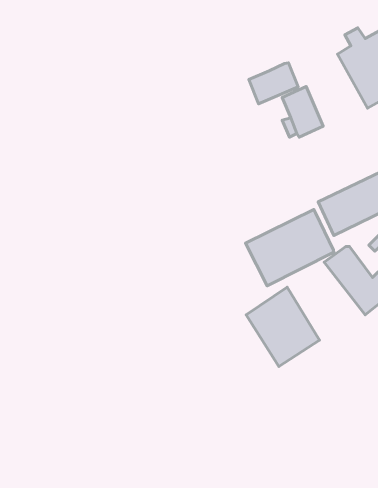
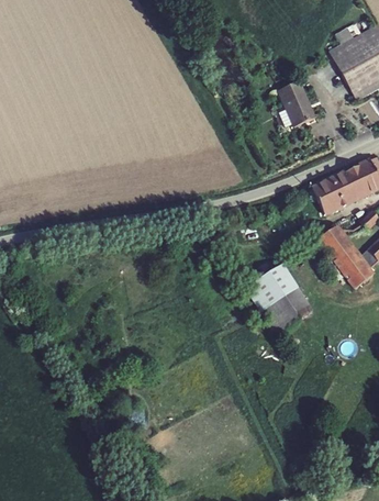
building: [249,63,298,104] -> none
building: [245,210,334,286] -> none

